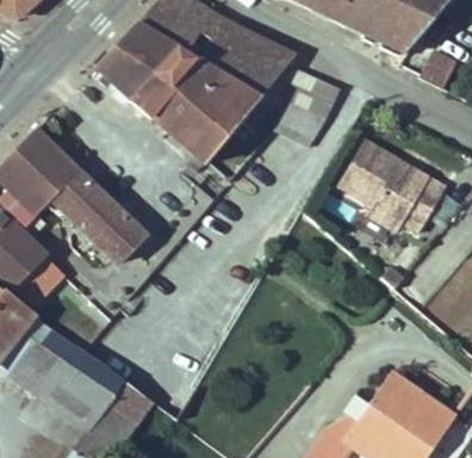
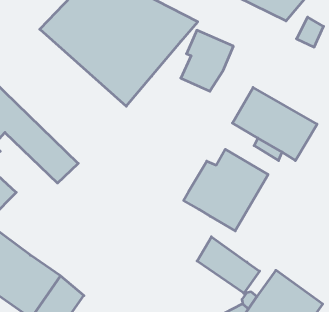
building: none -> [184,149,268,231]
building: none -> [197,237,260,293]

